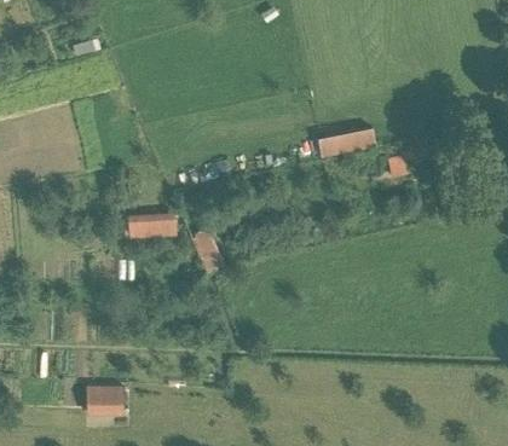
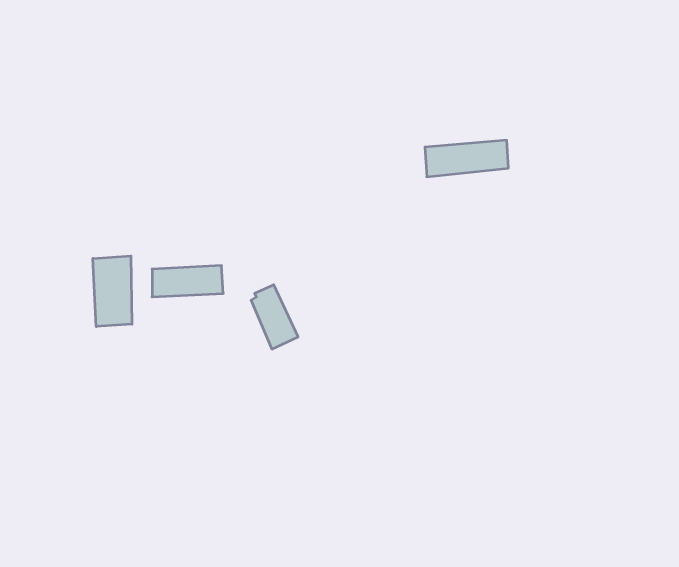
building: none -> [93,256,132,327]
building: [87,386,126,416] -> none

